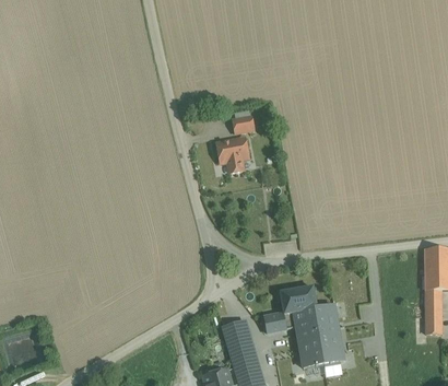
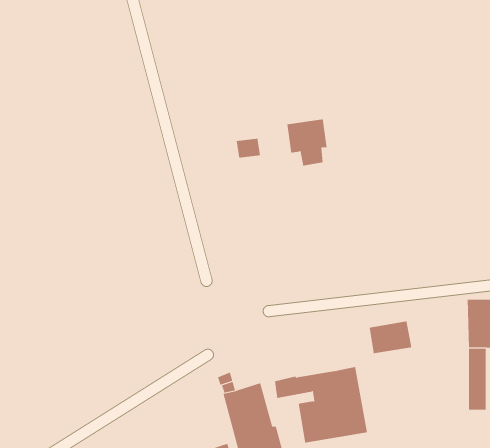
building: [215,139,249,178] -> [287,119,328,166]
building: [280,285,316,313] -> [369,321,412,354]

